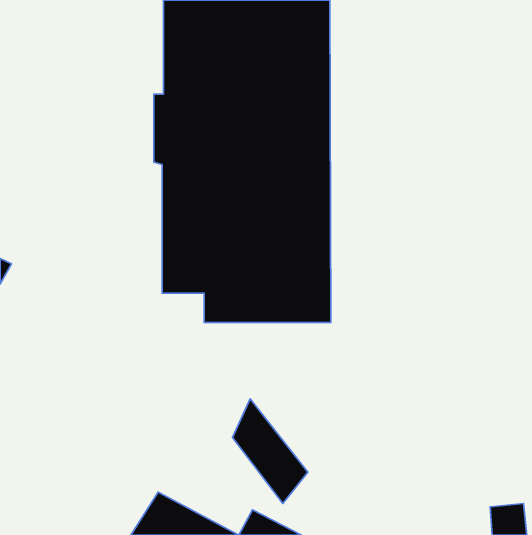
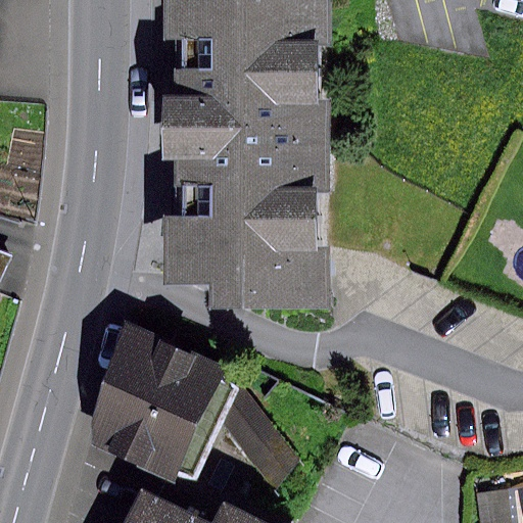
building: none -> [98,323,239,483]

